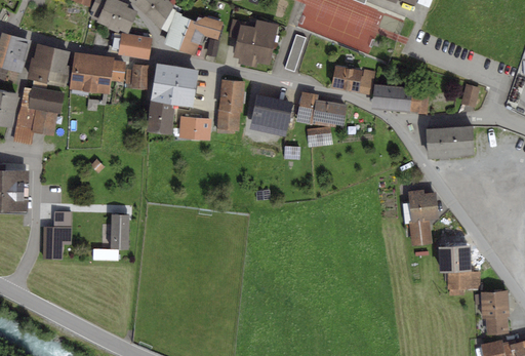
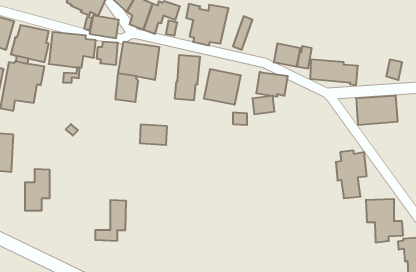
building: [297,91,319,122] -> none
building: [179,115,211,139] -> [140,125,167,145]
building: [93,213,129,261] -> [95,200,126,241]

